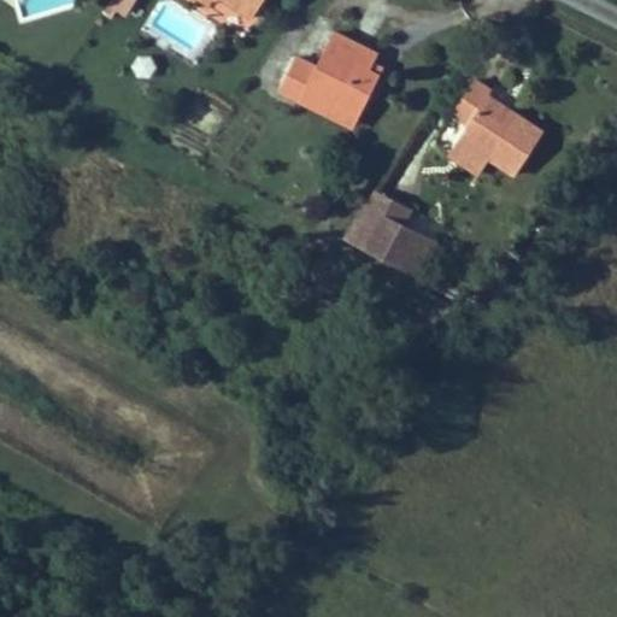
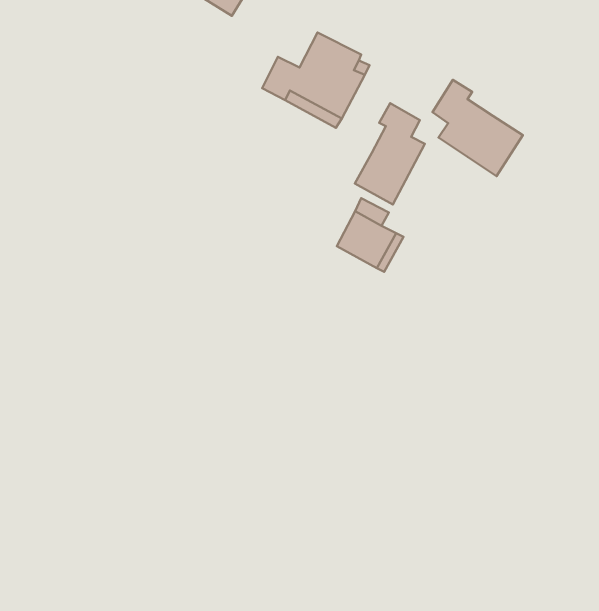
building: none -> [355,103,425,204]

